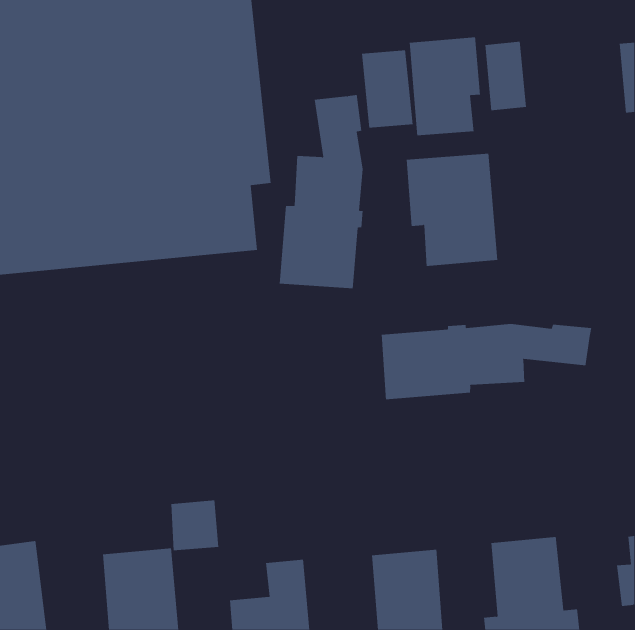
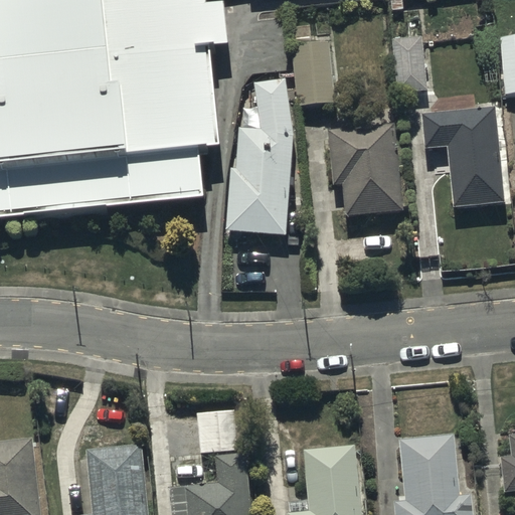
building: [409,36,481,136] -> none
building: none -> [421,105,505,207]
building: [381,323,592,400] -> none
building: [170,500,219,551] -> [198,409,237,451]

